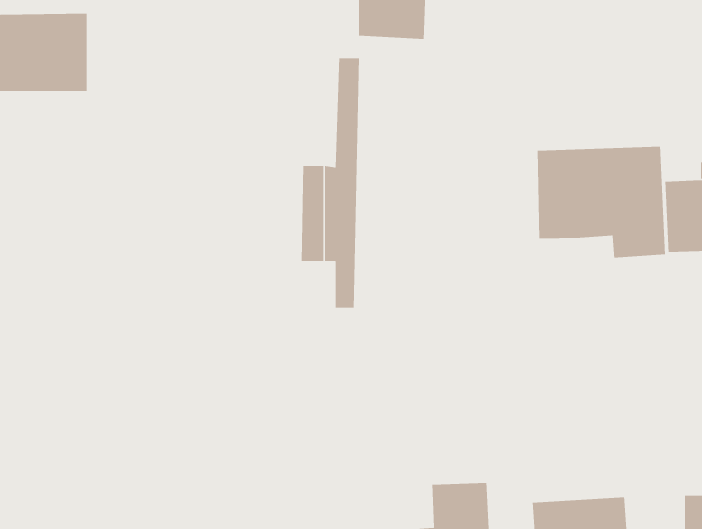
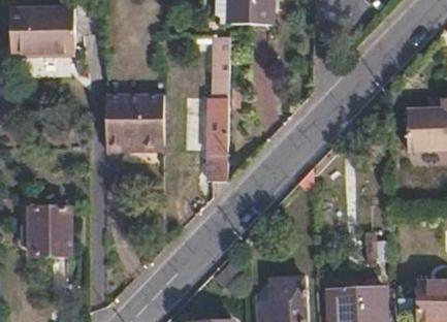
building: [537,146,666,258] -> none
building: none -> [107,105,166,148]
building: none -> [33,206,70,253]

